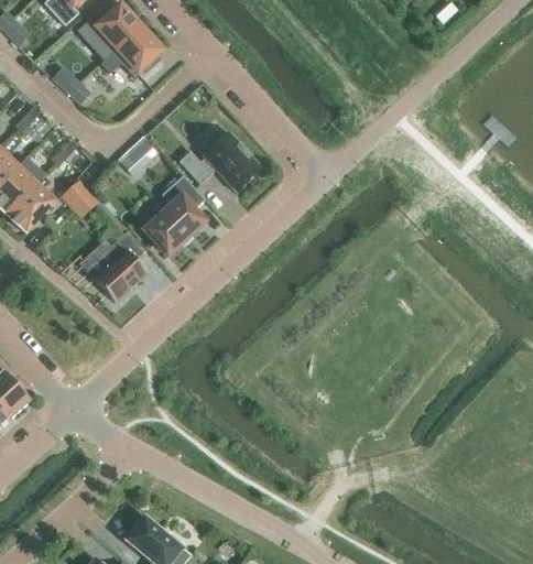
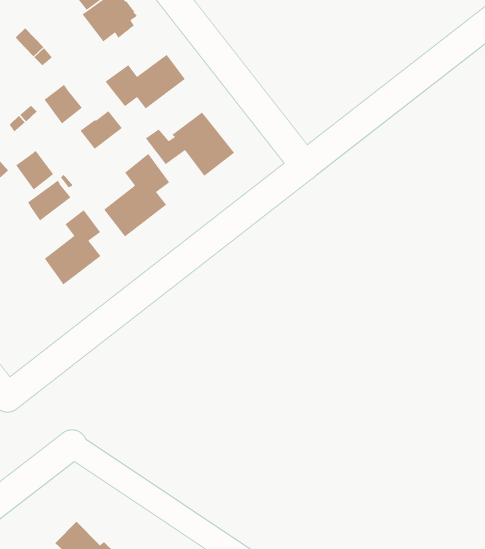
building: none -> [104,54,186,110]
building: none -> [43,84,83,125]
building: none -> [27,180,71,221]

